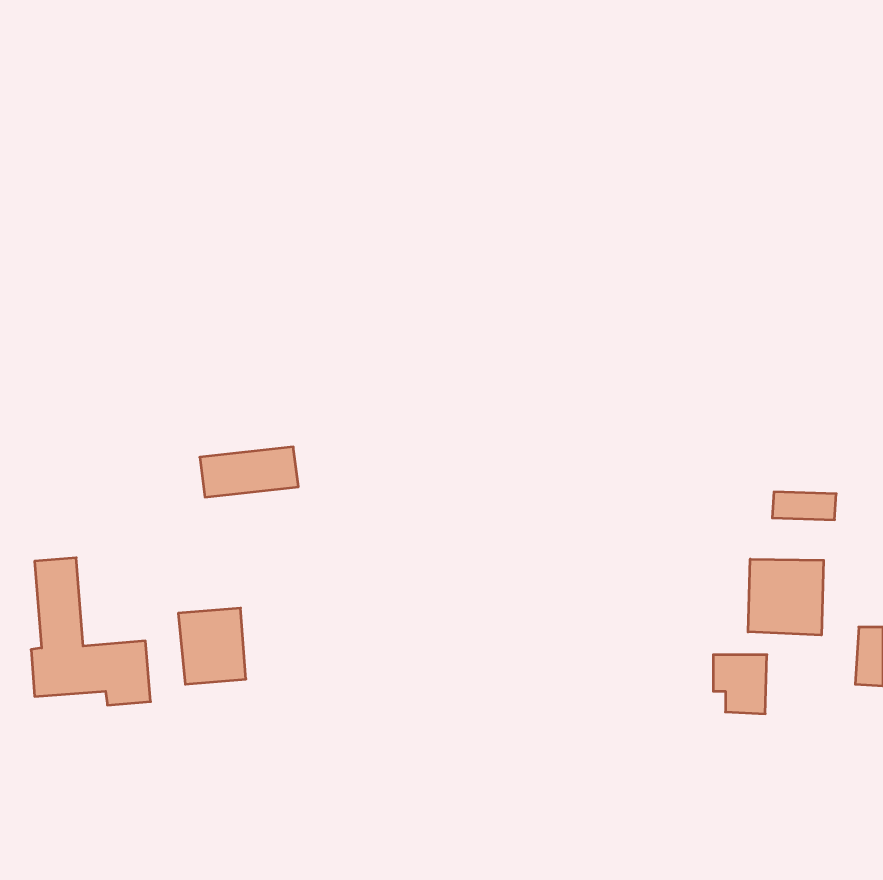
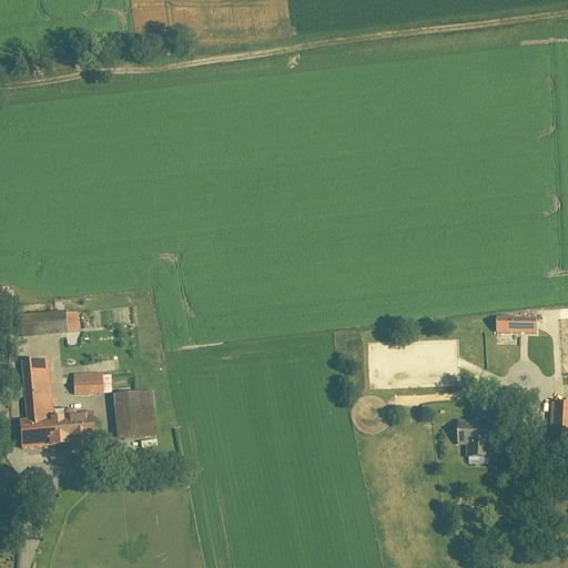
building: [200,447,298,497] -> [16,306,79,338]
building: [748,559,824,635] -> none
building: none -> [73,371,111,393]

